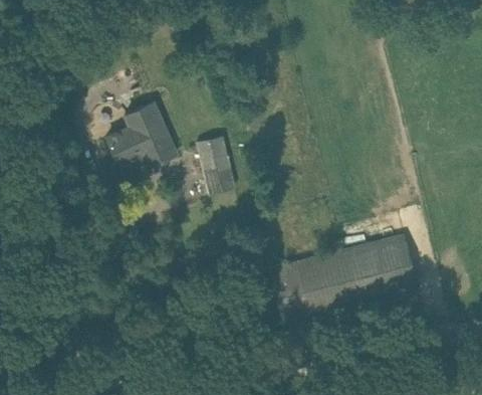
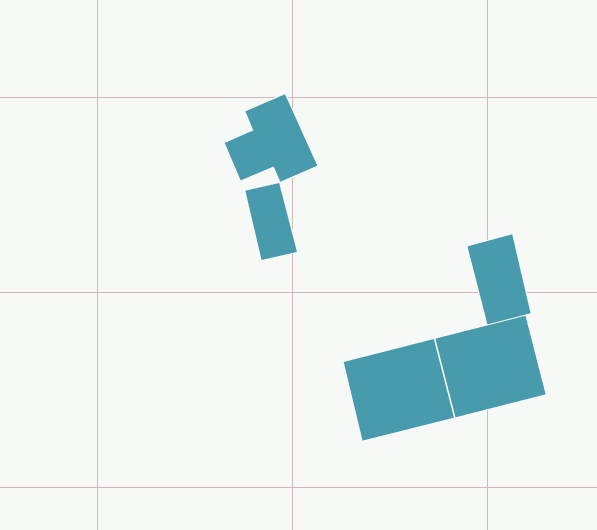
building: [106,100,176,165] -> [224,93,318,182]
building: none -> [467,234,531,325]

